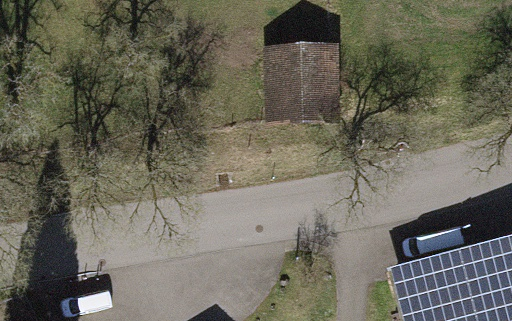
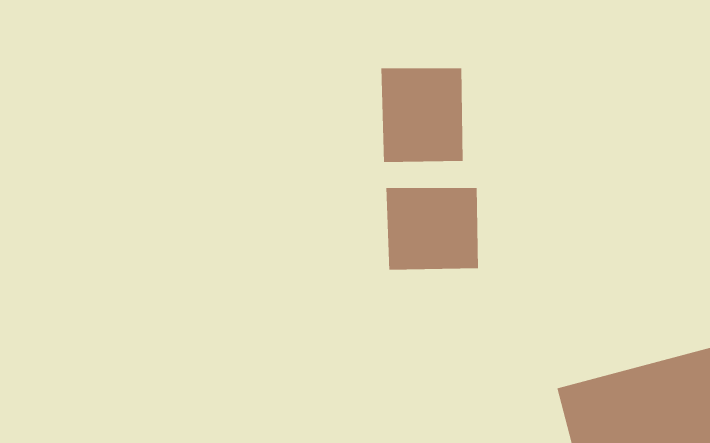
building: none -> [386,187,479,270]

